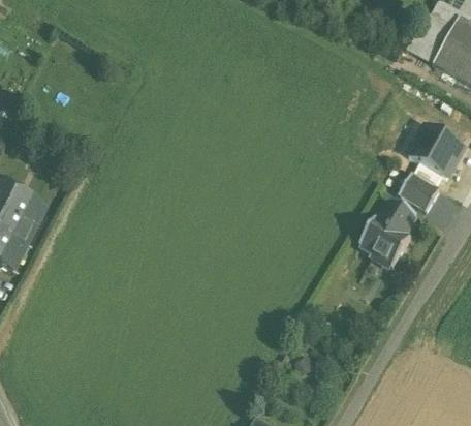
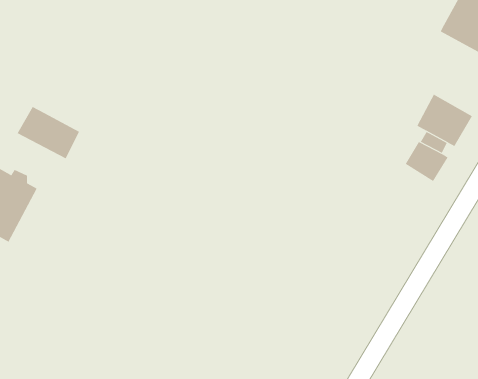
building: none -> [17,106,80,159]
building: [358,199,416,257] -> none

